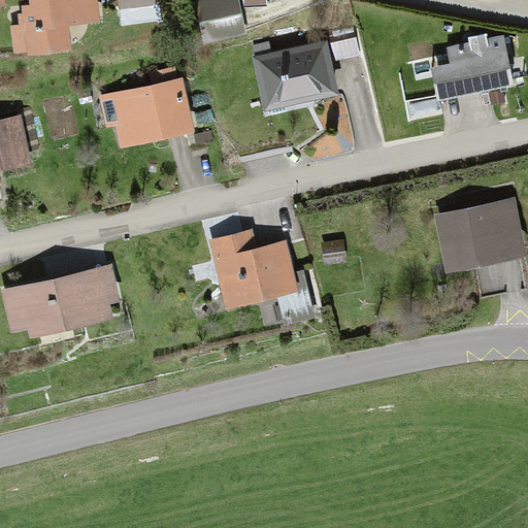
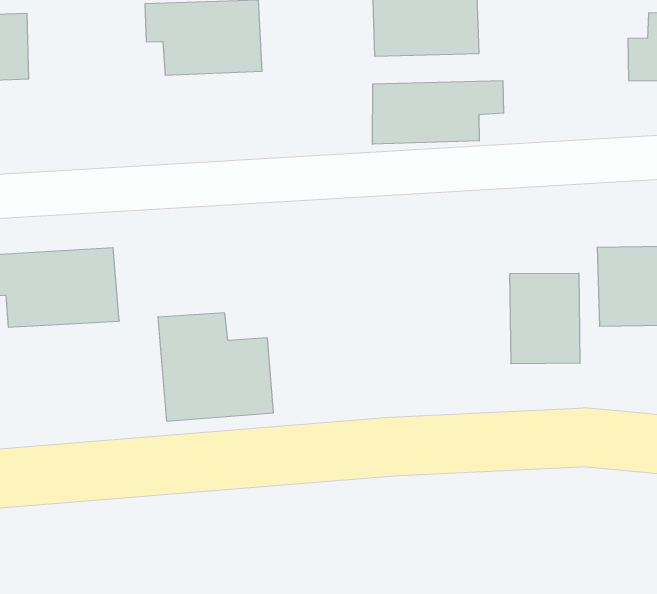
building: none -> [373,81,504,144]
building: [208,222,298,302] -> [158,313,273,421]
building: none -> [510,273,580,364]

